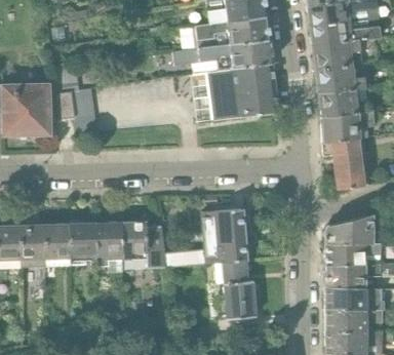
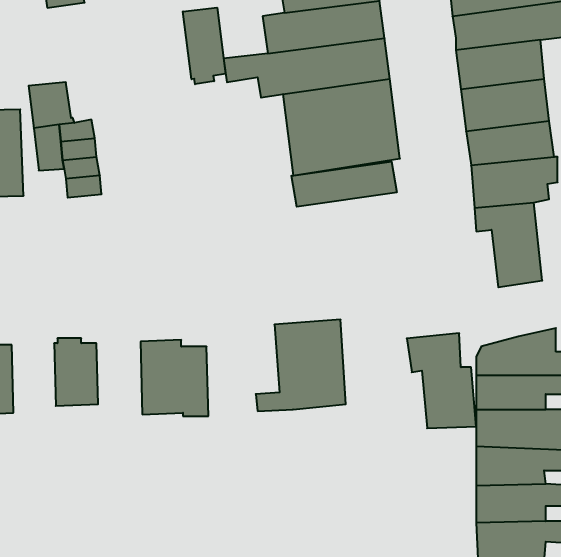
building: none -> [183,8,226,84]
building: none -> [291,161,397,207]
building: [94,223,122,272] -> none
building: [43,224,70,266] -> none
building: [213,261,255,318] -> [407,333,476,428]

